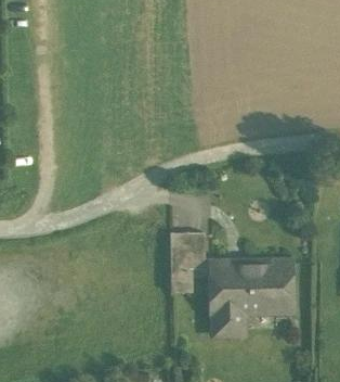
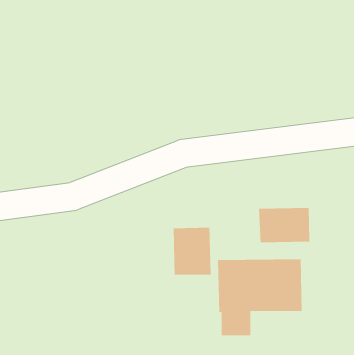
building: none -> [258,207,310,243]

